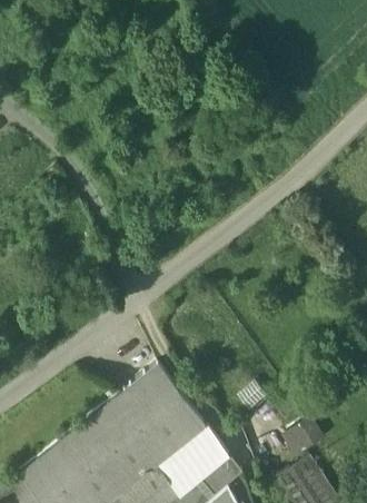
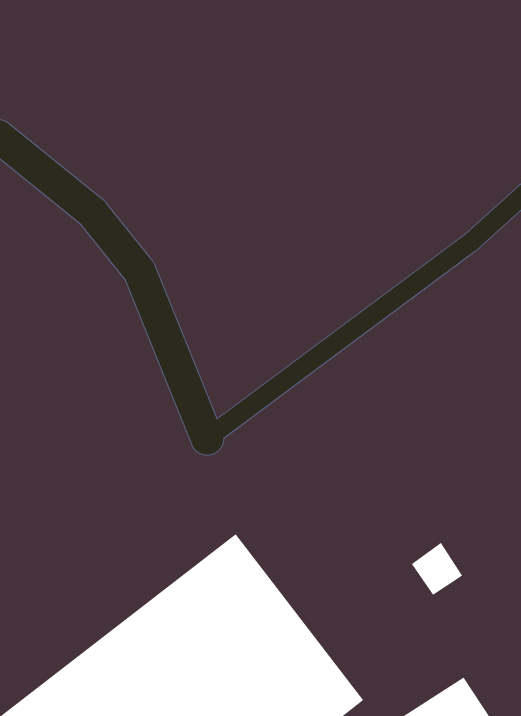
building: [288,418,323,454] -> [411,542,463,596]

